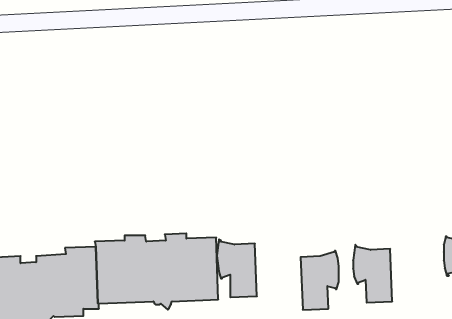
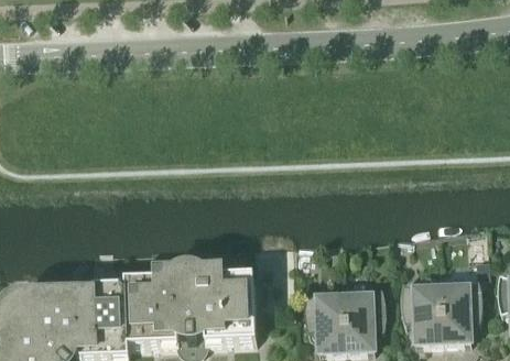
building: [217,239,257,297] -> [303,286,346,348]
building: none -> [440,275,481,338]

